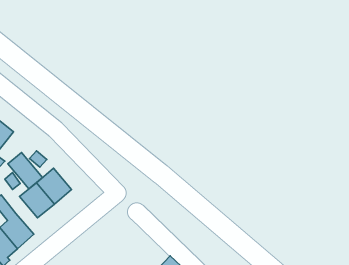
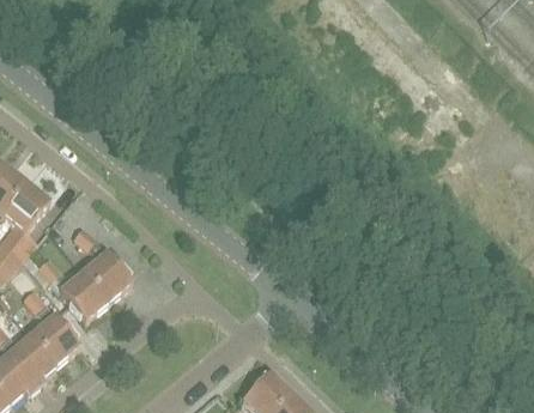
building: [8,152,43,189] -> none

